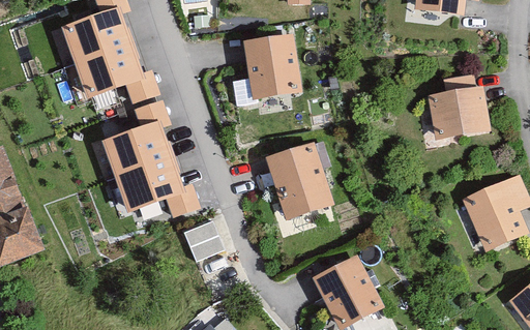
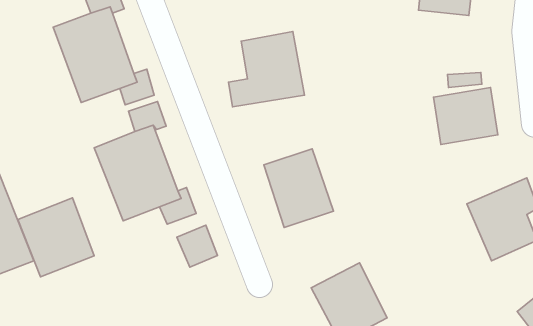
building: none -> [18,198,94,277]

